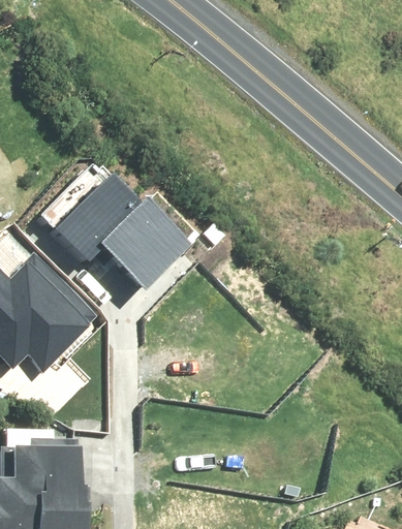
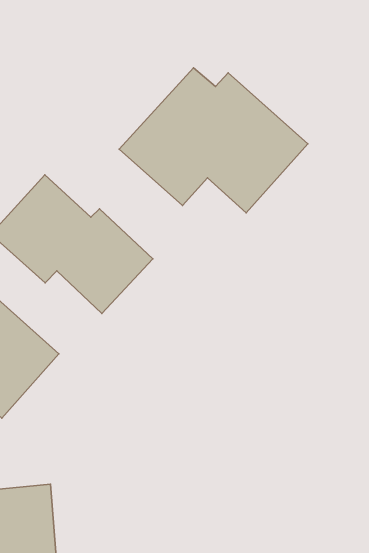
building: none -> [119,68,308,213]

